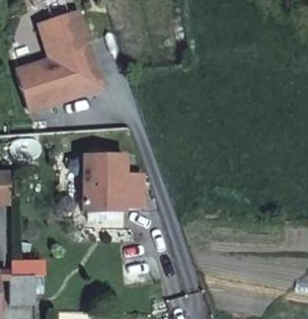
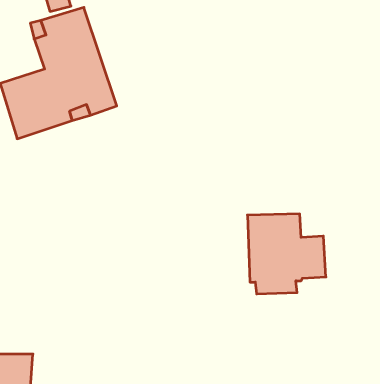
building: [85,152,146,214] -> [247,214,326,294]

